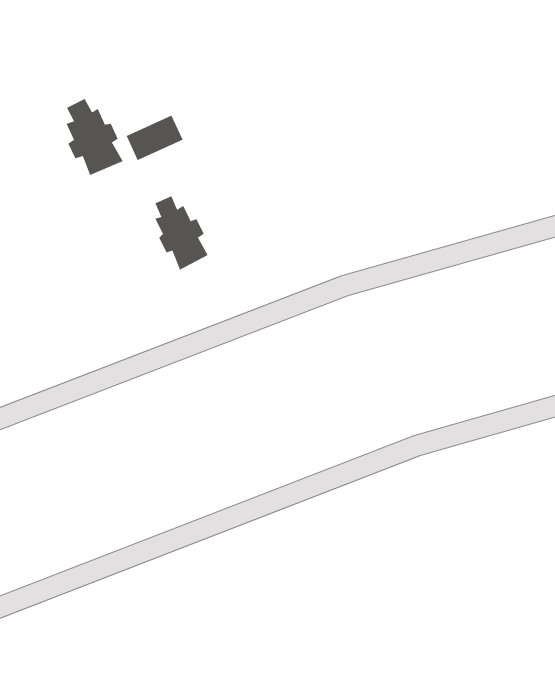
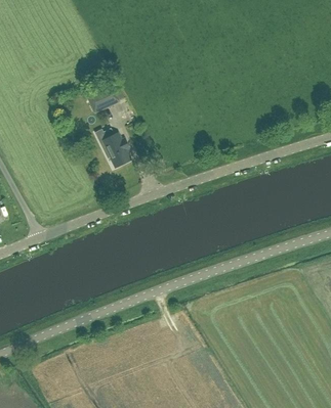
building: [66,98,123,176] -> none

